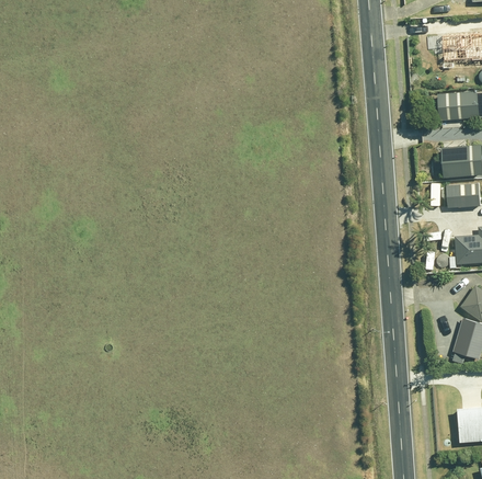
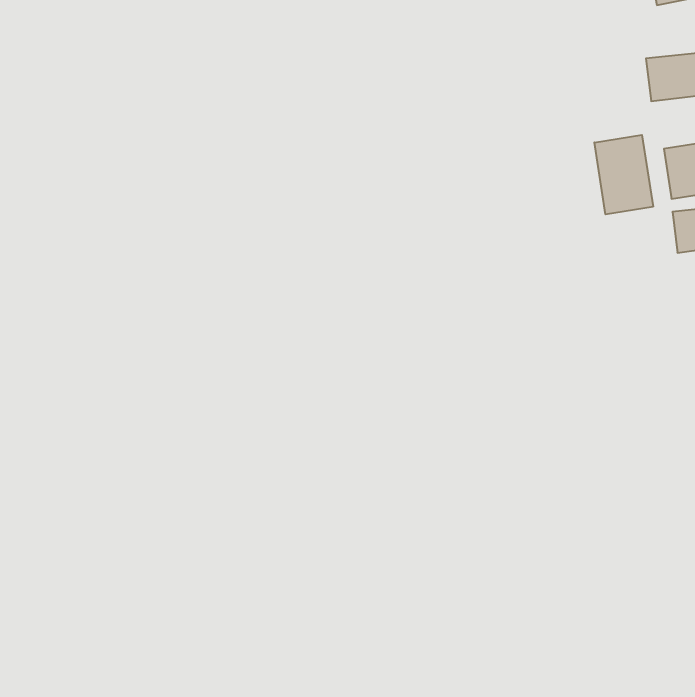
building: none -> [594,135,653,214]

